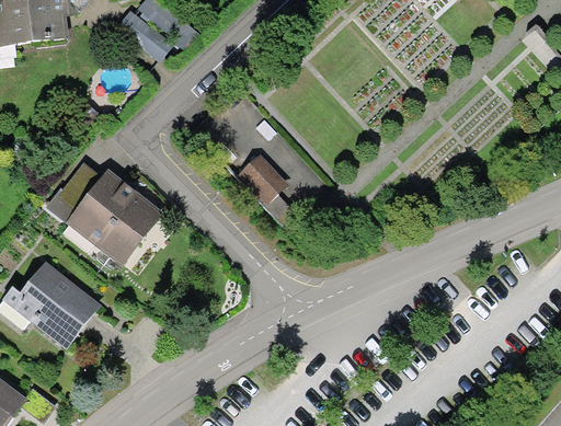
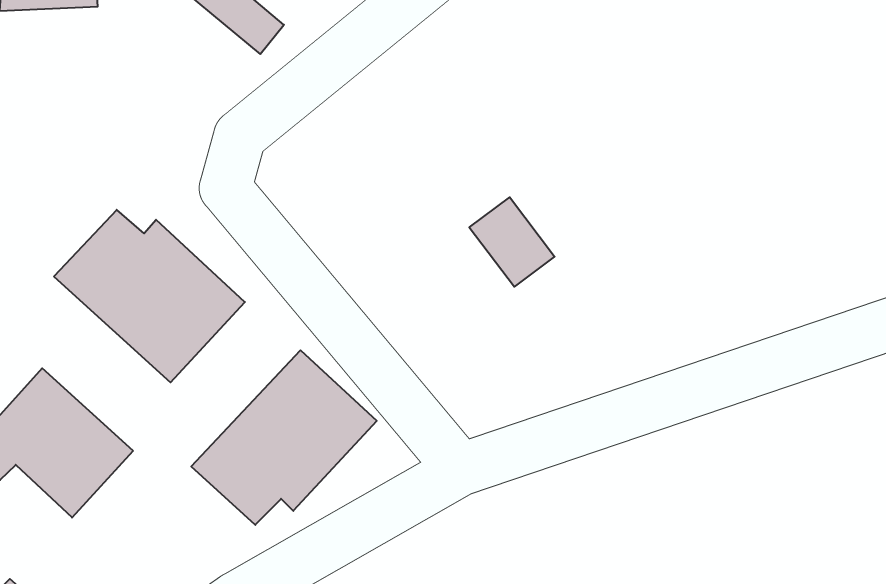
building: [236,152,288,206] -> [469,197,555,287]
building: none -> [191,350,377,525]

